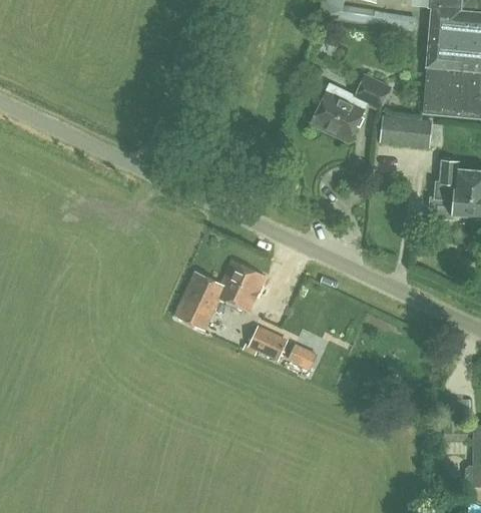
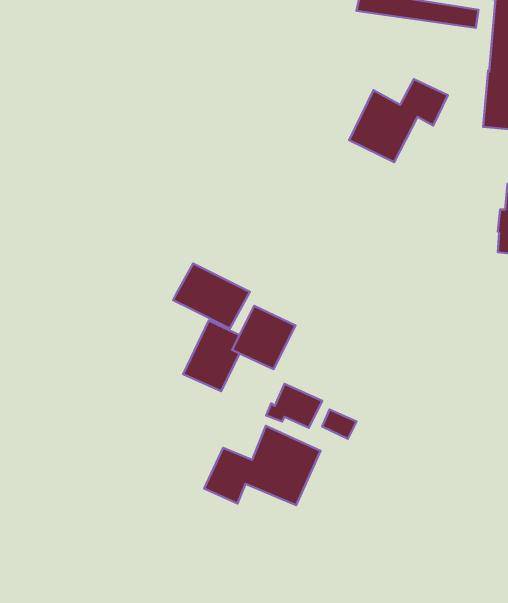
building: [379,114,433,147] -> none
building: none -> [173,264,250,328]
building: none -> [204,426,321,505]

